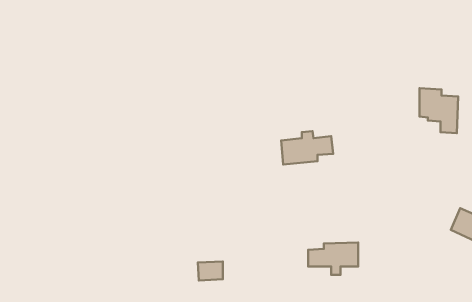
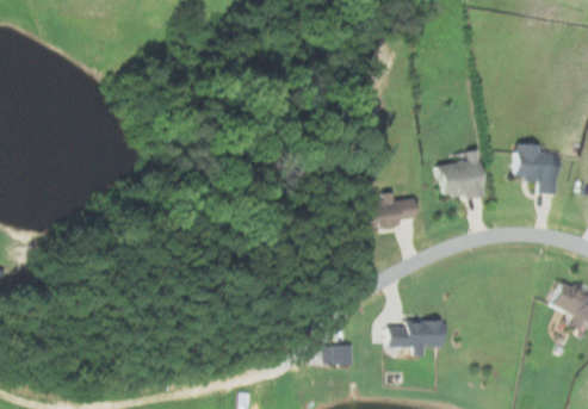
building: none -> [437,149,487,202]
building: [198,262,223,280] -> [324,343,353,365]

